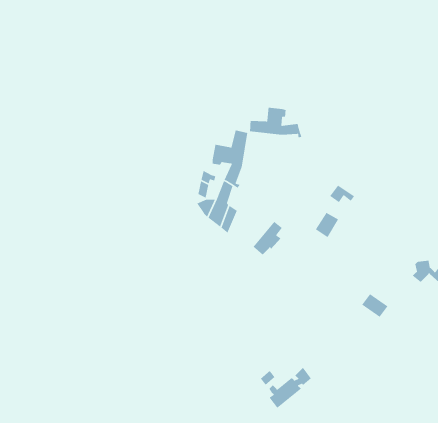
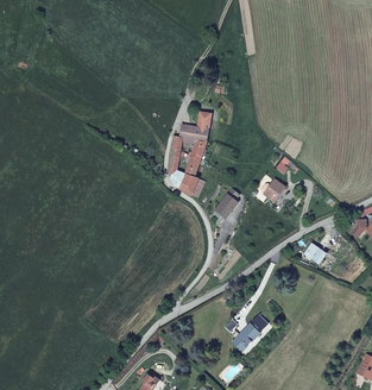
building: [249,107,302,139] -> none

